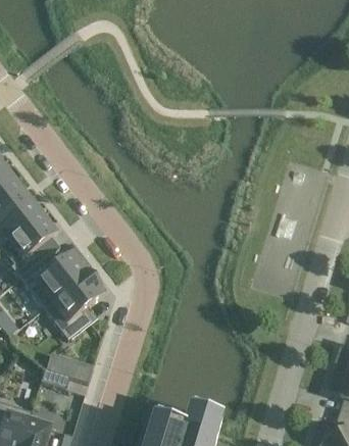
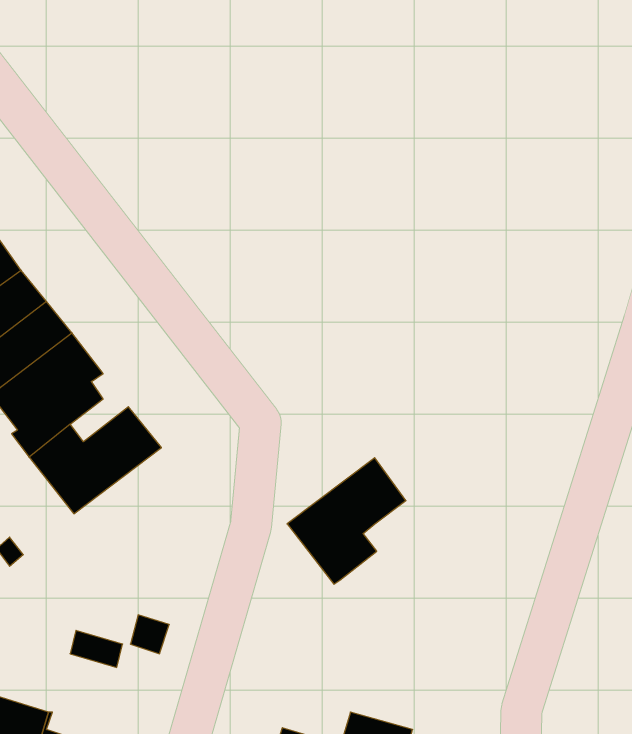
building: [43,270,105,337] -> [287,458,406,584]

